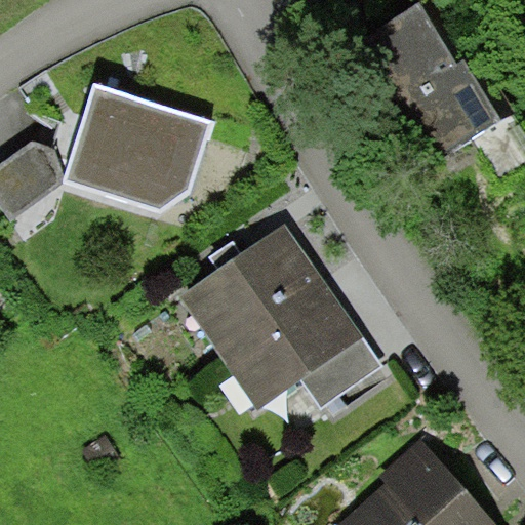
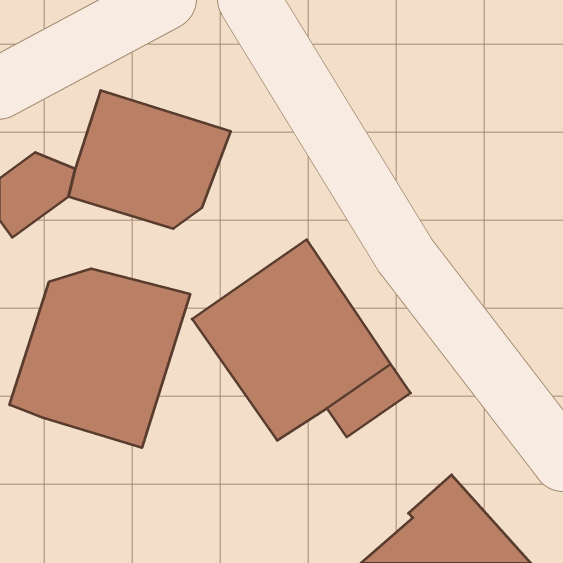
building: [359,4,502,162] -> none
building: none -> [10,269,190,448]

